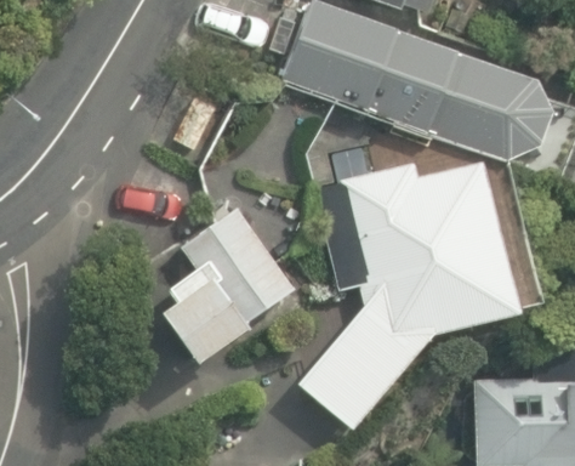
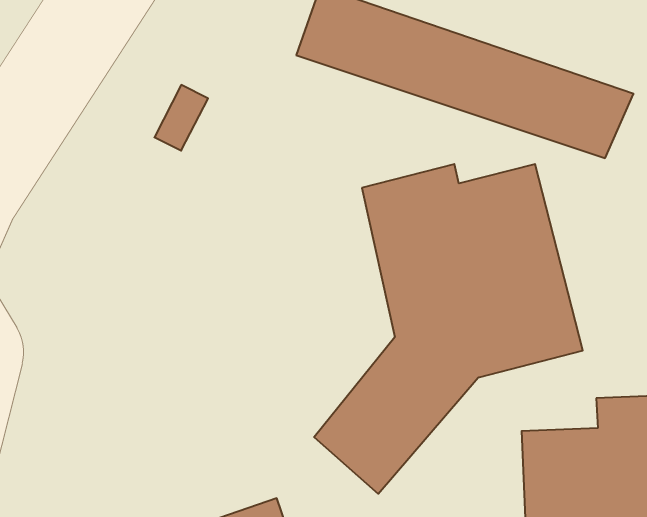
building: [160,206,300,364] -> none

